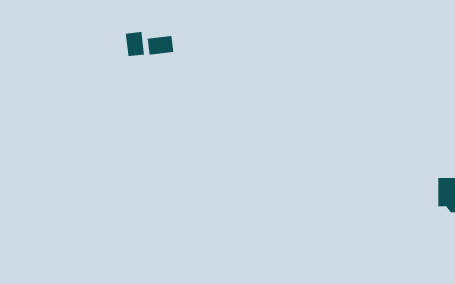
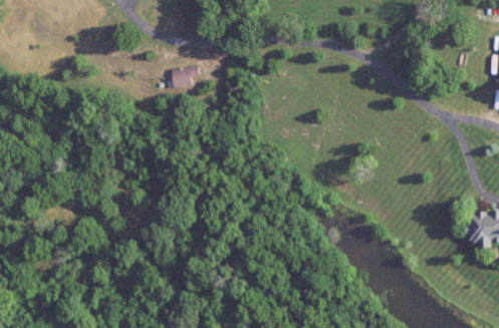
building: [125,31,145,57] -> none

